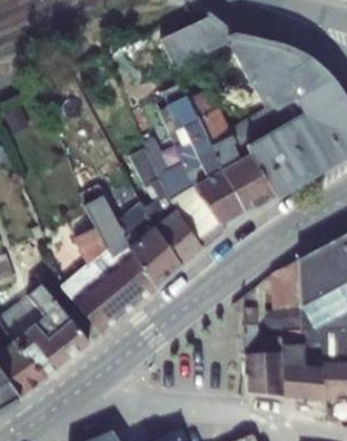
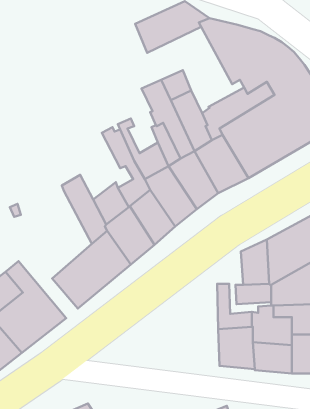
building: [61,212,116,302] -> none

